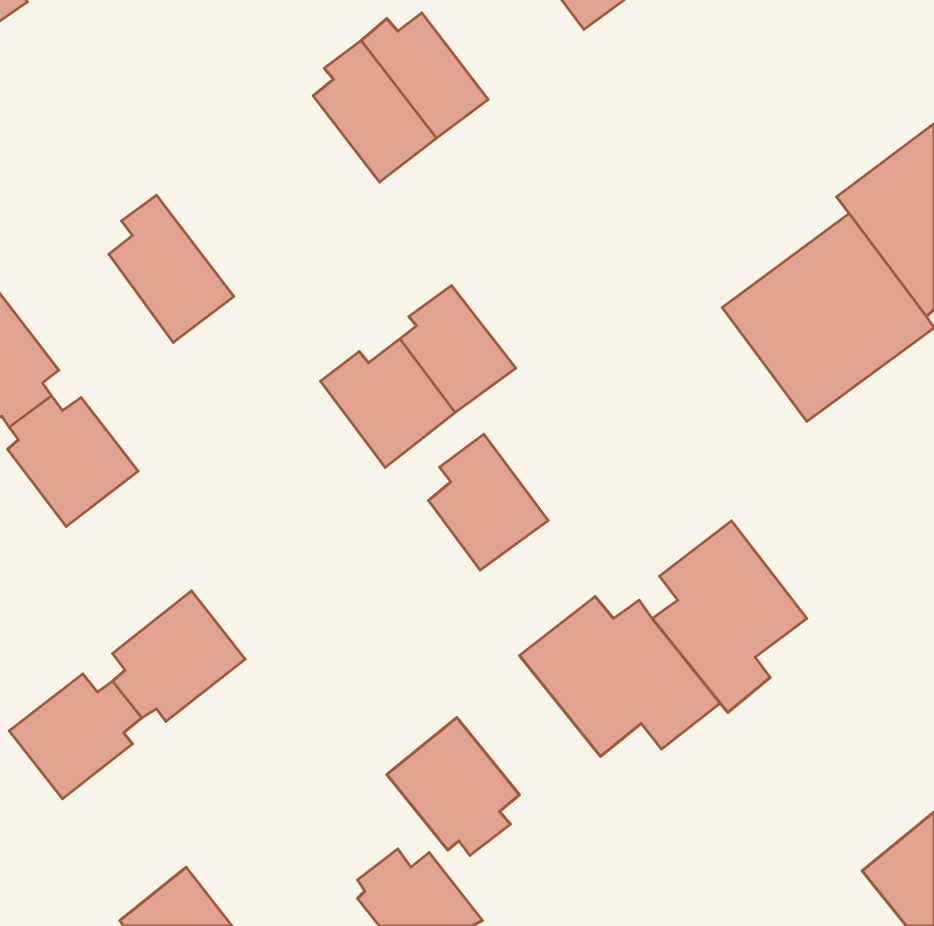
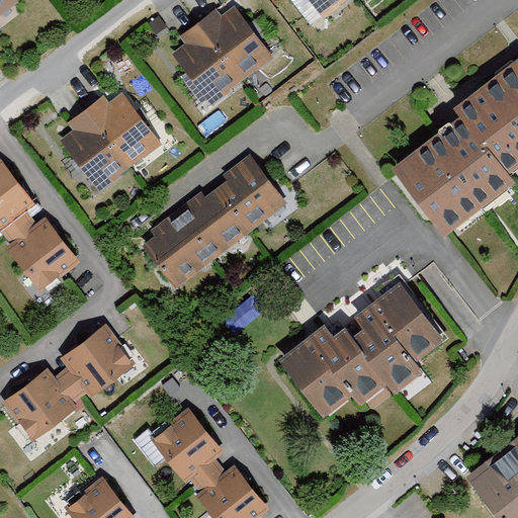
building: none -> [86,94,158,163]
building: [429,434,548,570] -> [146,209,211,284]
building: [387,718,520,856] -> [151,408,224,484]

